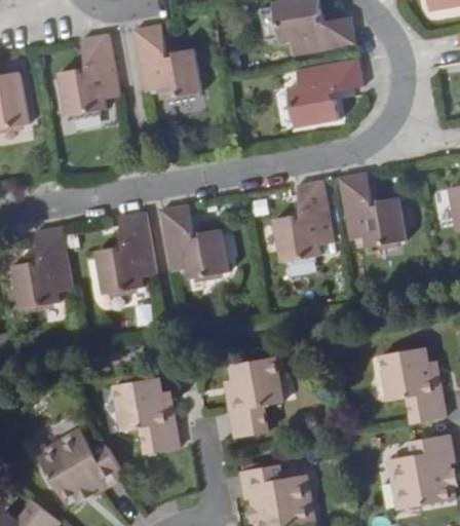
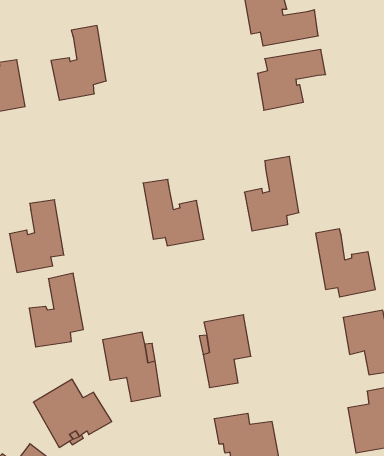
building: [133,24,200,99] -> none
building: [339,172,406,248] -> [316,229,375,297]
building: [95,211,156,293] -> [29,273,83,347]

